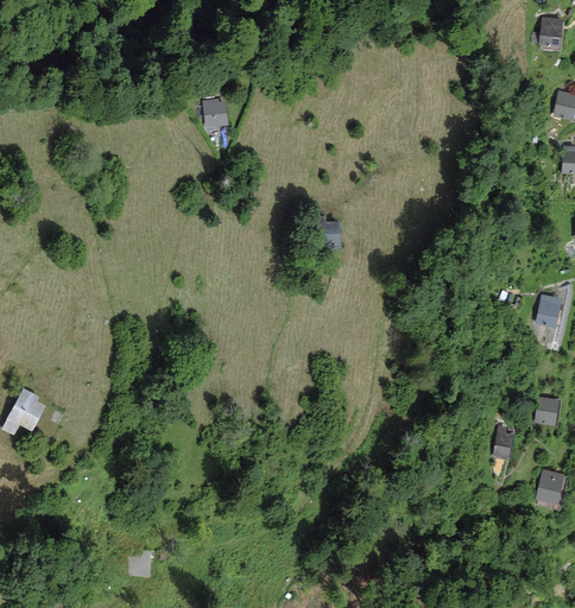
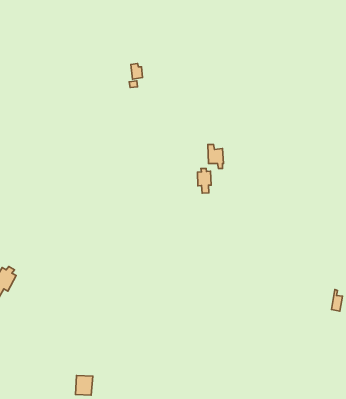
building: none -> [198,168,211,193]

